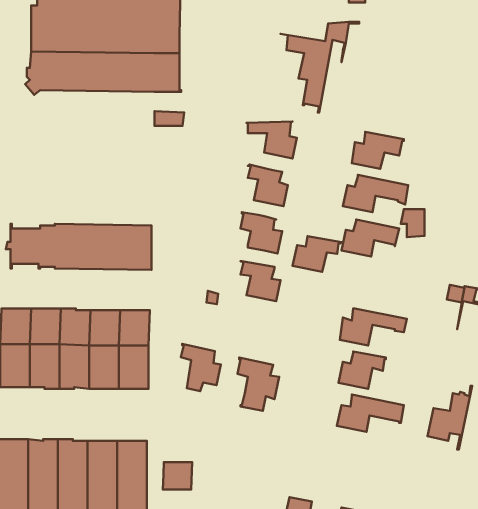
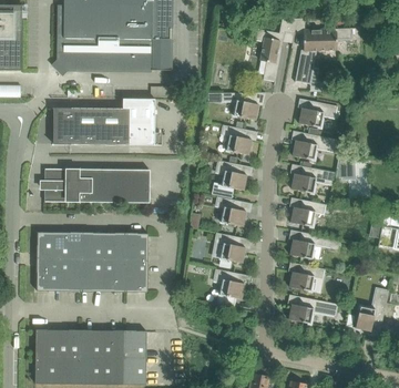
building: none -> [295,28,350,91]
building: none -> [54,99,155,145]
building: [293,236,342,272] -> [290,200,327,226]
building: [181,344,221,391] -> [215,232,245,267]
building: [163,462,192,490] -> none

